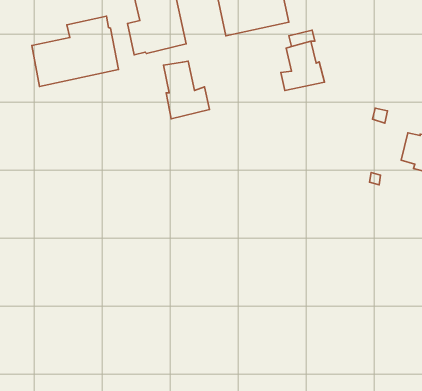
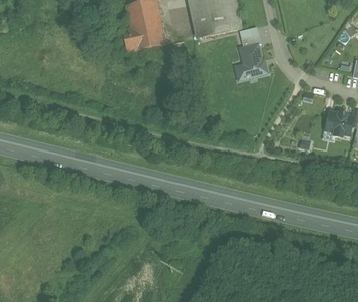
building: [32,16,118,86] -> none
building: [163,61,209,119] -> none

